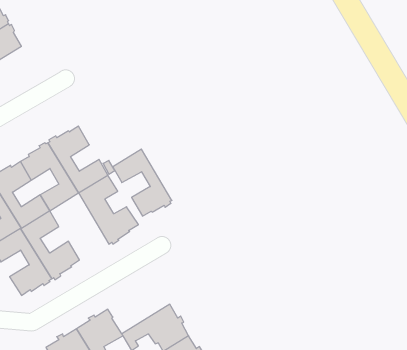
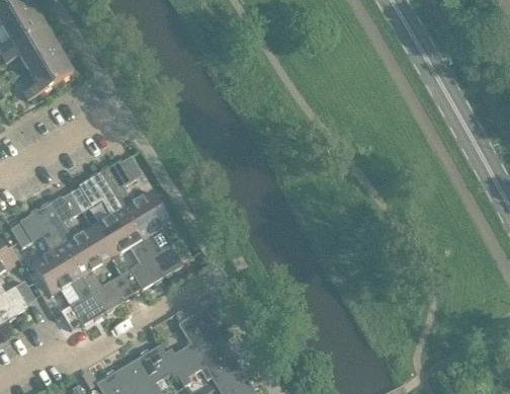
building: [113,149,172,216] -> [99,225,160,294]
building: none -> [163,308,223,370]

